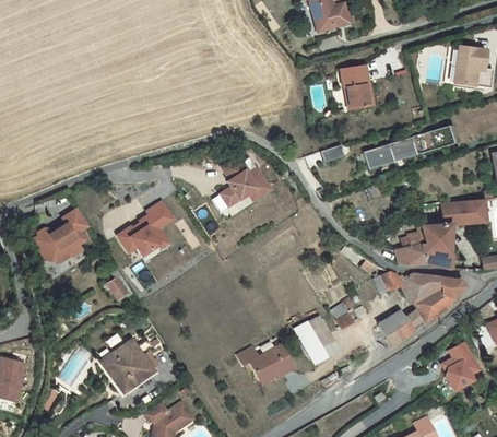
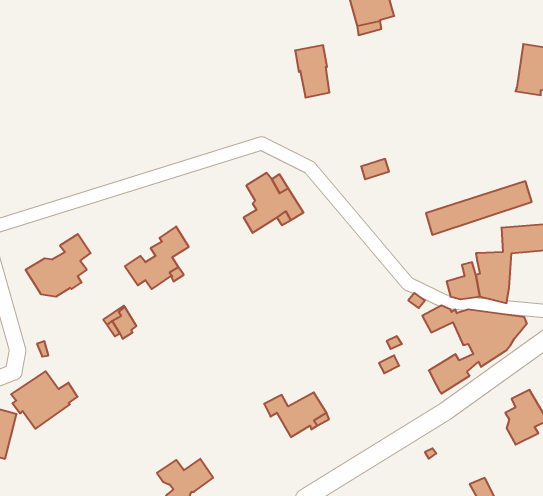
building: [341,64,370,109] -> [295,45,330,98]
building: [363,123,453,169] -> [426,181,532,235]
building: [295,316,336,363] -> none
building: [102,342,158,391] -> [11,371,78,429]

